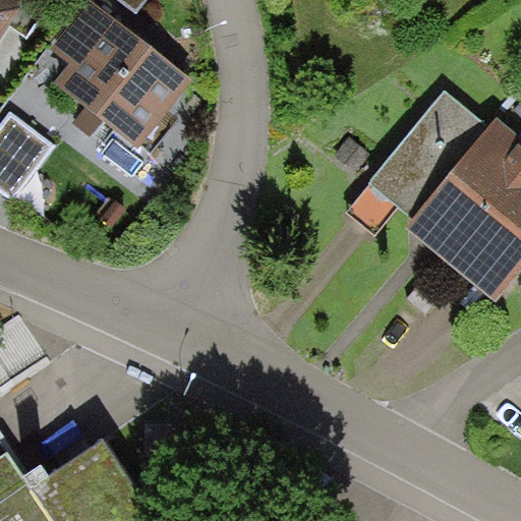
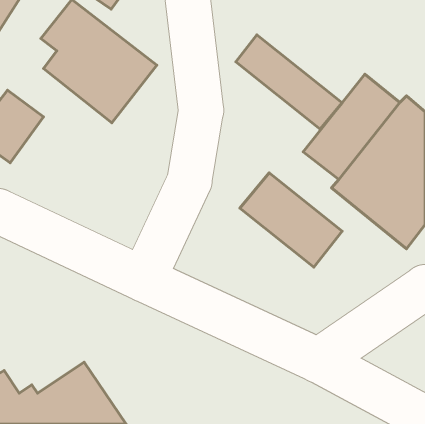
building: none -> [236,35,342,129]
building: none -> [240,173,342,267]

